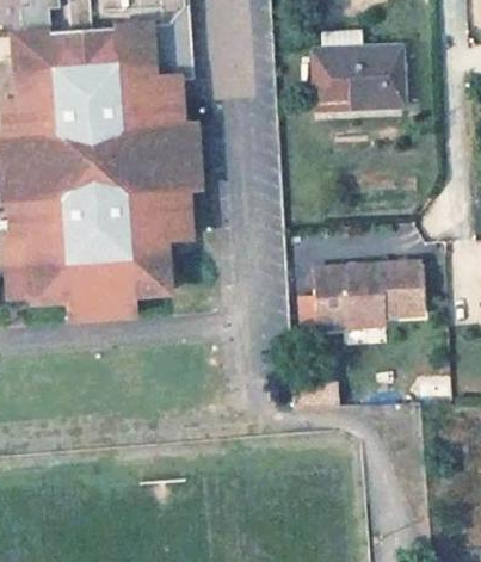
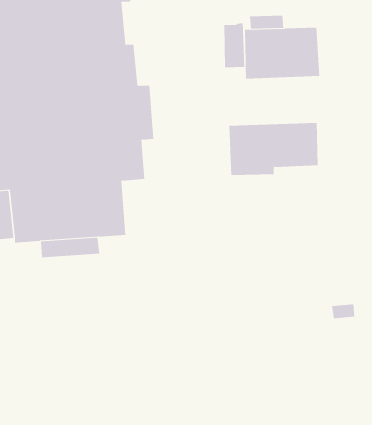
building: none -> [224,22,245,68]
building: [314,259,421,322] -> [229,123,319,175]

